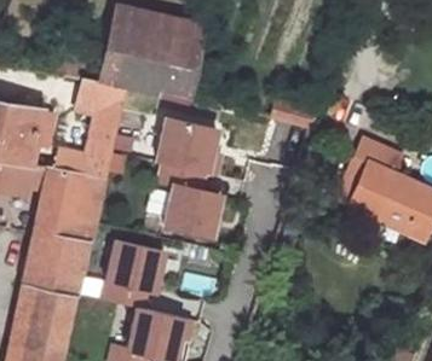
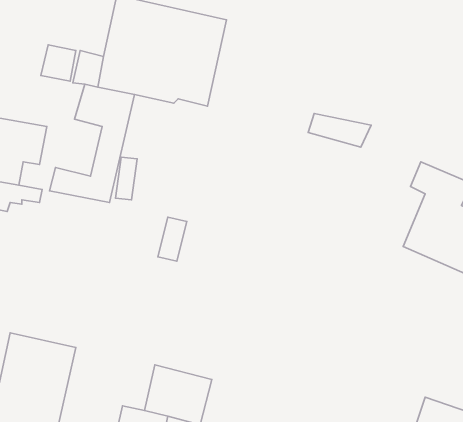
building: [162,118,223,170] -> none
building: [23,165,105,296] -> none
building: [169,185,226,234] -> none
building: [109,243,169,308] -> none

